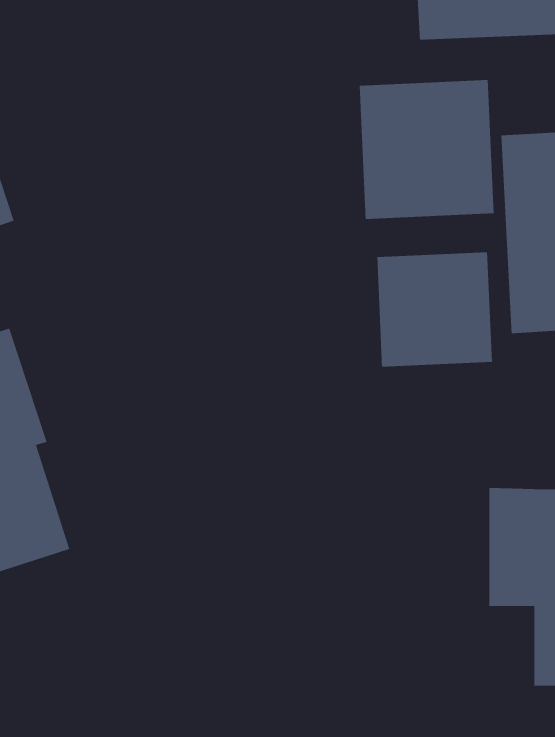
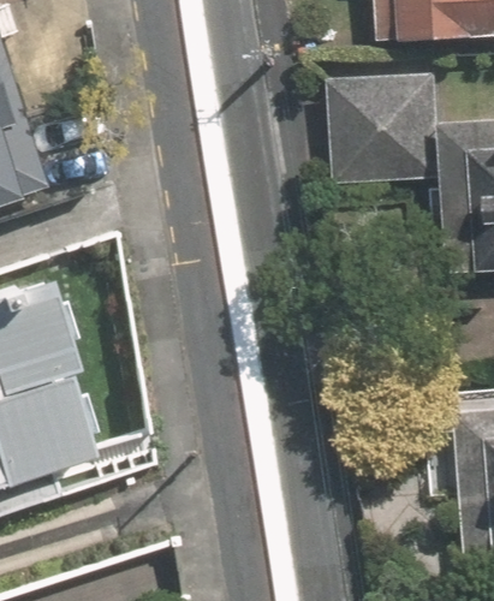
building: [377,252,492,368] -> none

